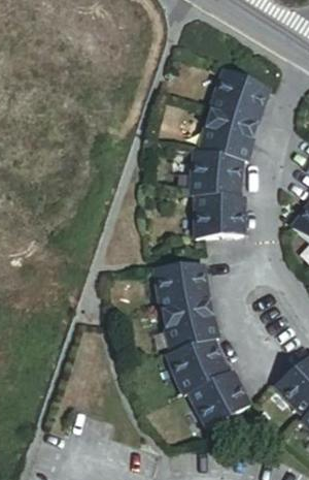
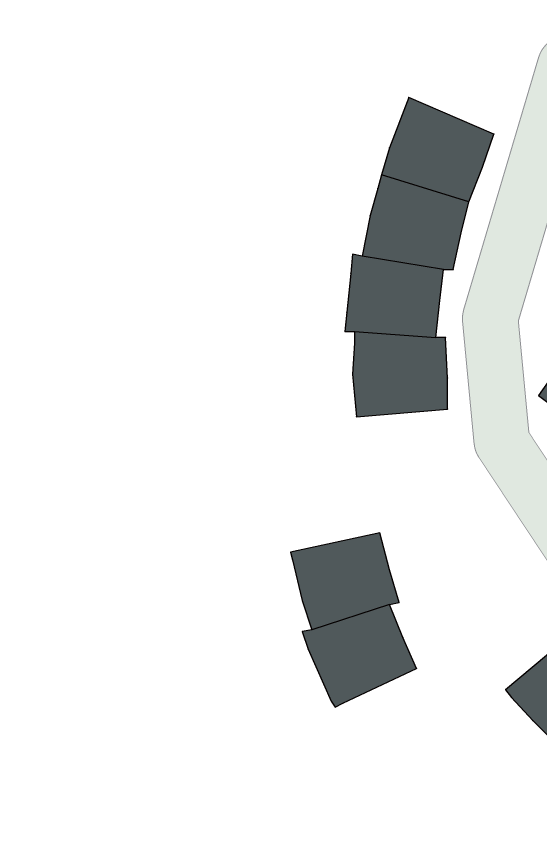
building: [154,264,208,312] -> none
building: [188,372,252,429] -> none

